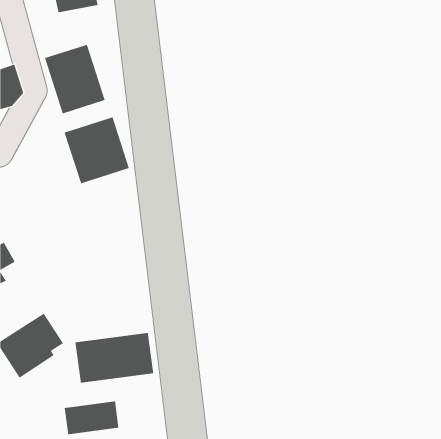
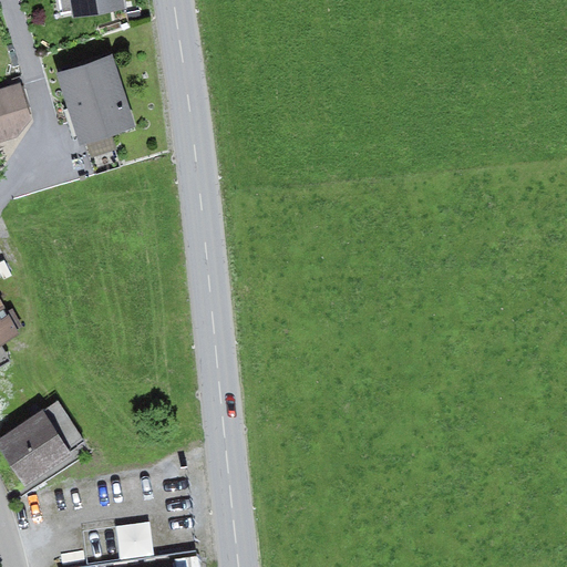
building: [64,116,130,184] -> none
building: [75,332,154,383] -> none

